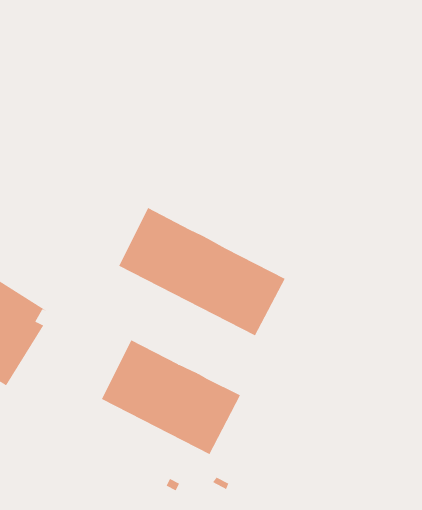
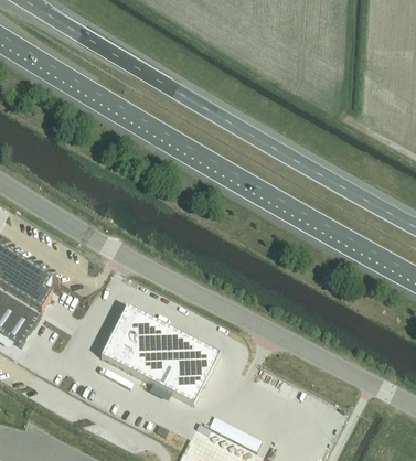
building: [119,207,286,336] -> none

